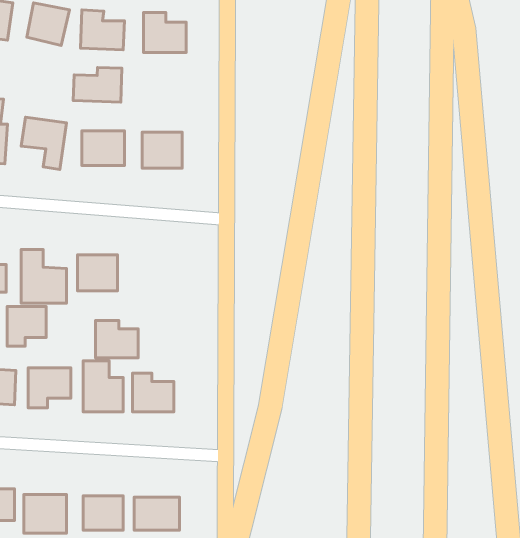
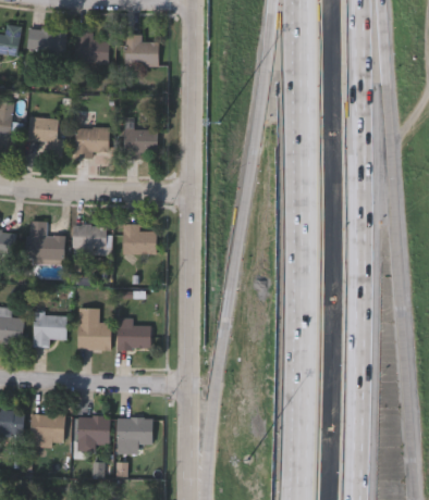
building: [73,67,122,102] -> none
building: [7,307,46,346] -> none
building: [96,321,138,358] -> [121,225,155,254]

